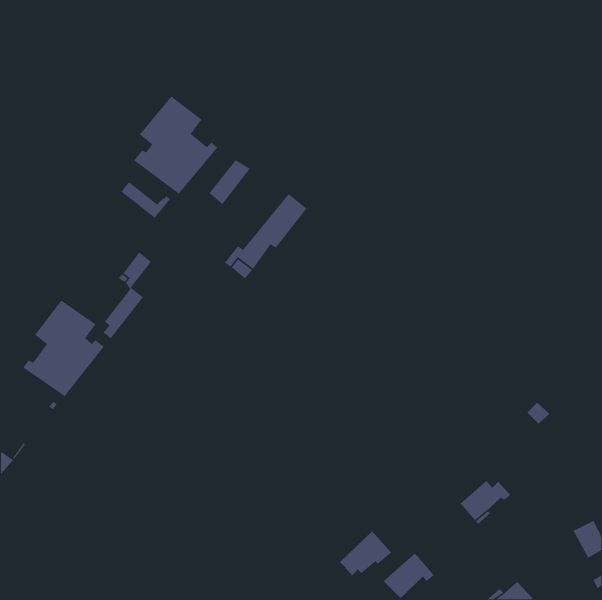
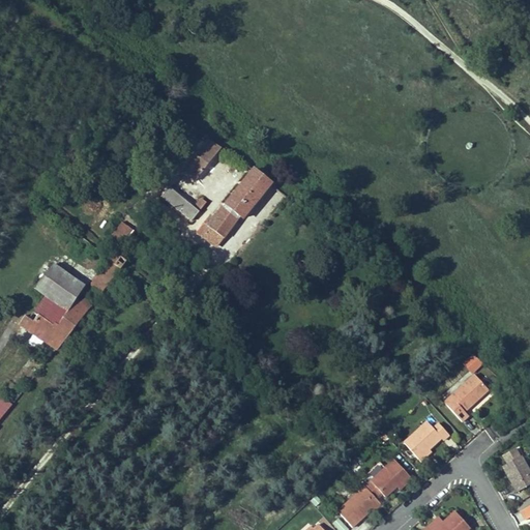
building: [133,95,218,195] -> none
building: [121,181,171,219] -> [161,186,206,219]
building: none -> [444,375,488,420]
building: [339,530,392,576] -> [364,458,411,498]

